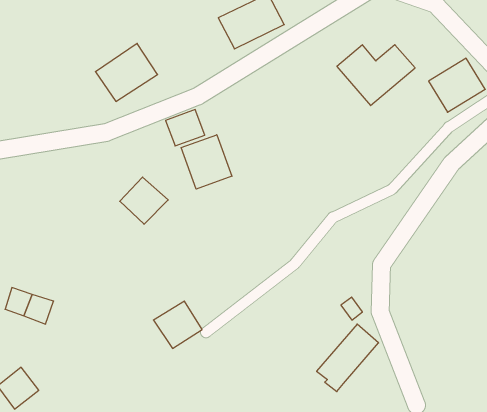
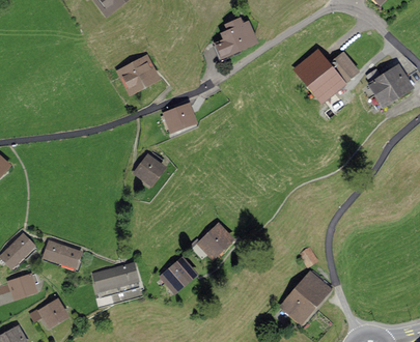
building: [181,135,232,189] -> none
building: none -> [196,218,235,257]
building: none -> [95,260,140,295]

